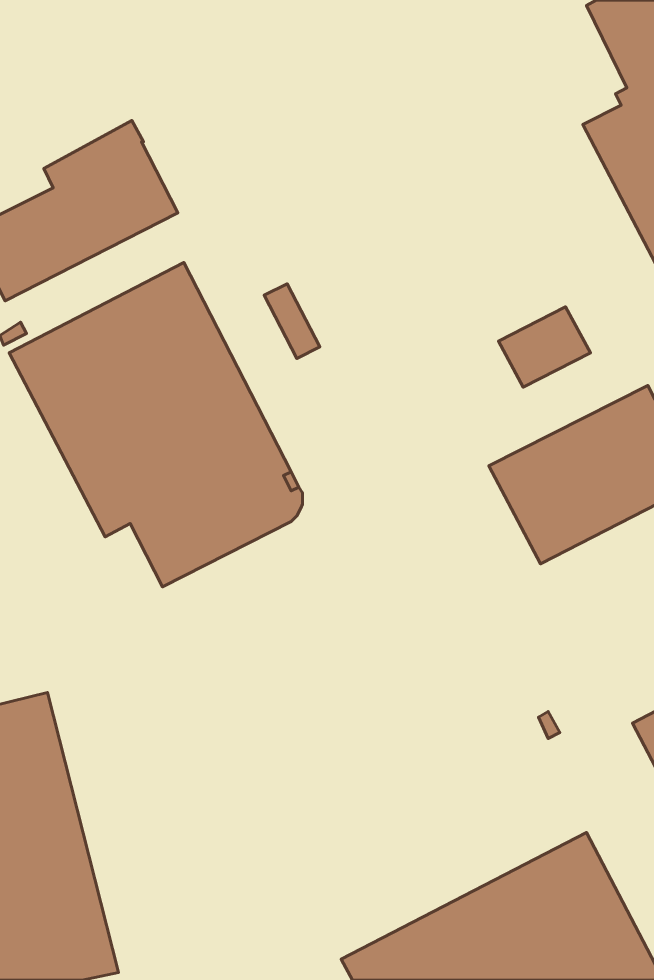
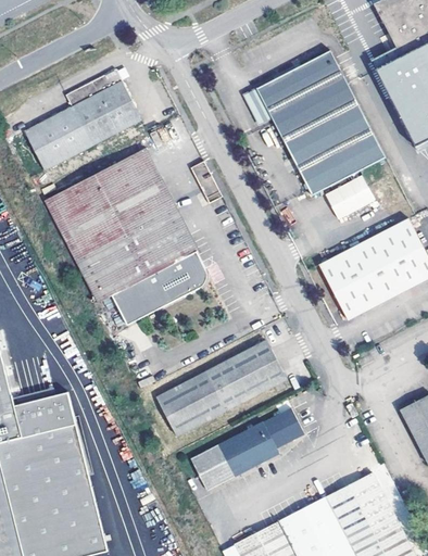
building: none -> [244,50,385,195]
building: none -> [156,340,287,435]
building: none -> [190,407,304,491]

